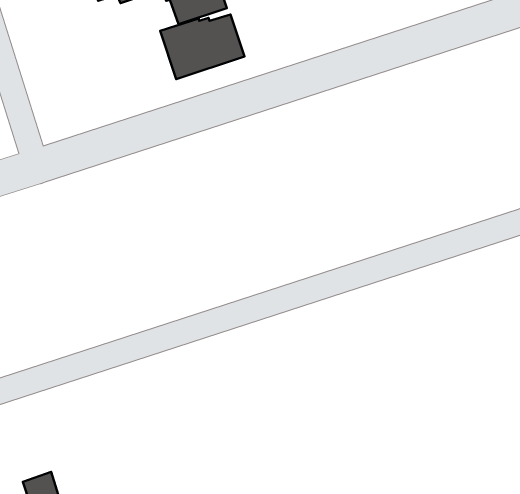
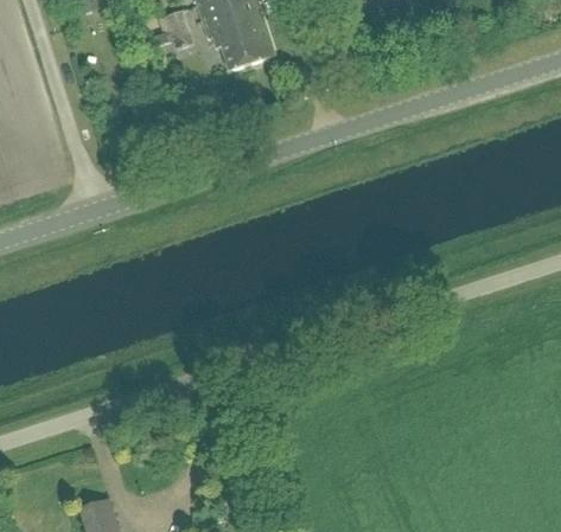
building: [160,14,245,79] -> none

